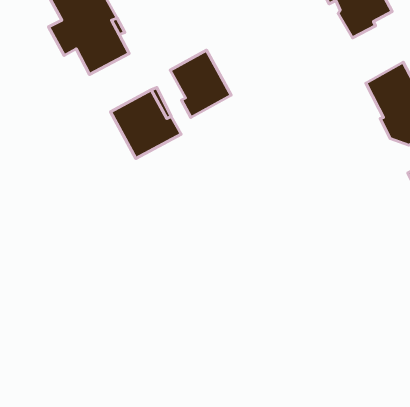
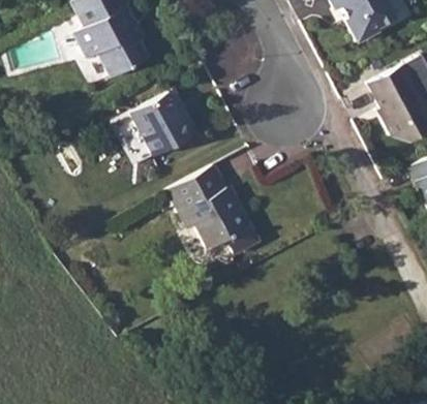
building: [170,50,231,118] -> none
building: none -> [170,165,262,254]

